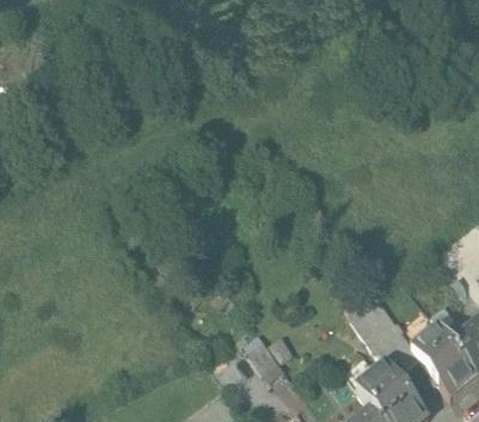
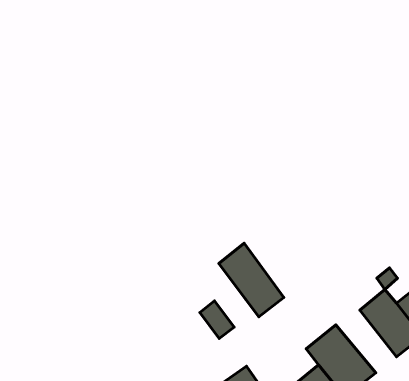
building: none -> [219,243,284,317]

